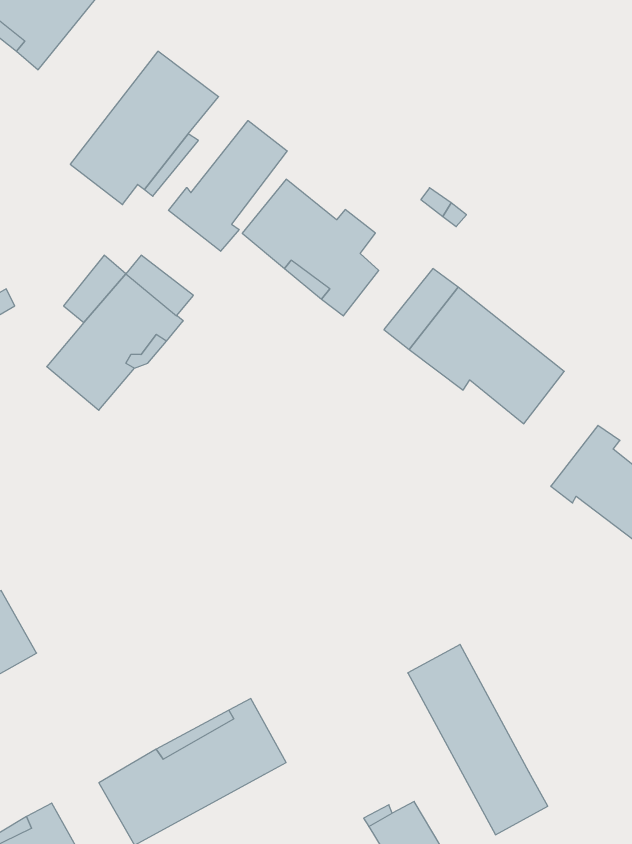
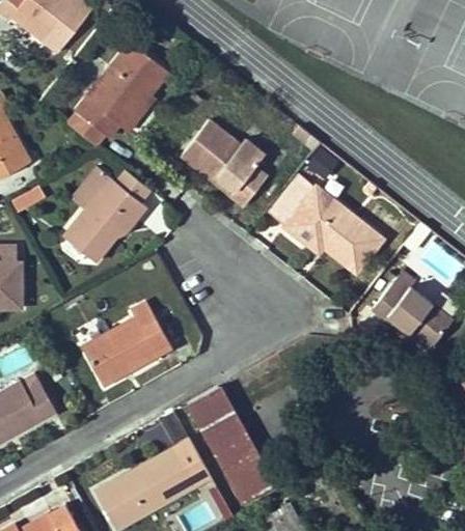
building: [169,121,287,251] -> none
building: none -> [81,300,171,385]
building: [408,644,548,835] -> [187,387,273,504]

